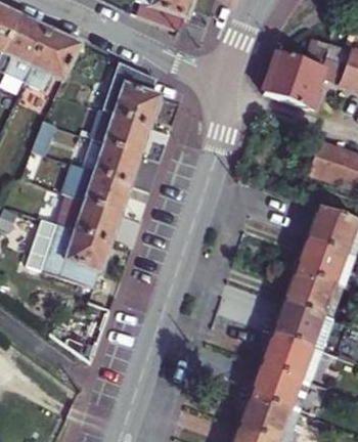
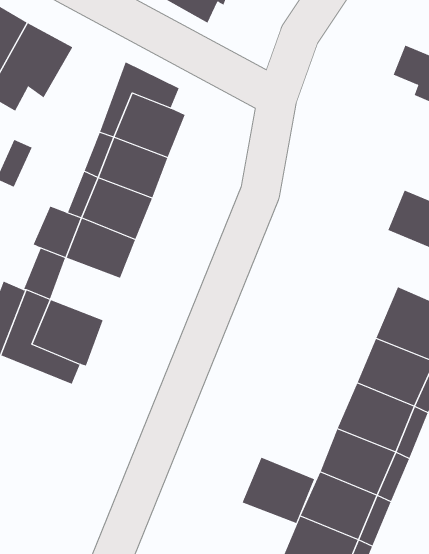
building: [262,49,322,107] -> none
building: [75,200,123,241] -> none
building: none -> [242,457,315,524]

